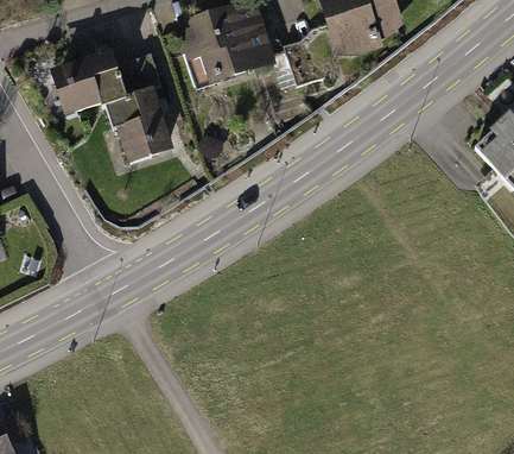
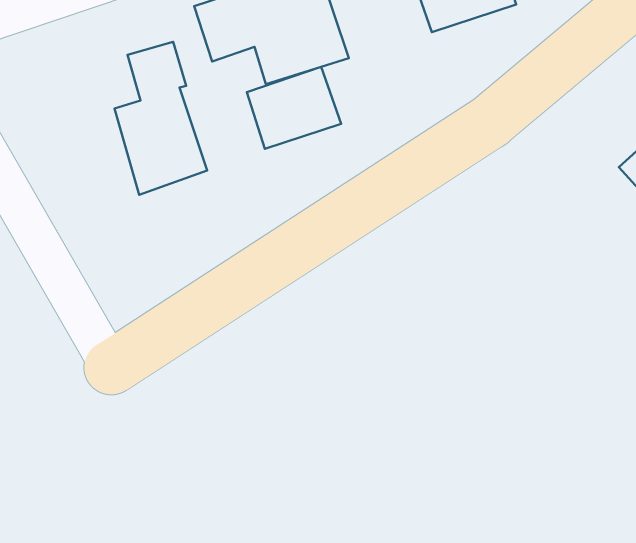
building: [50,49,126,115] -> none
building: none -> [247,67,341,149]

